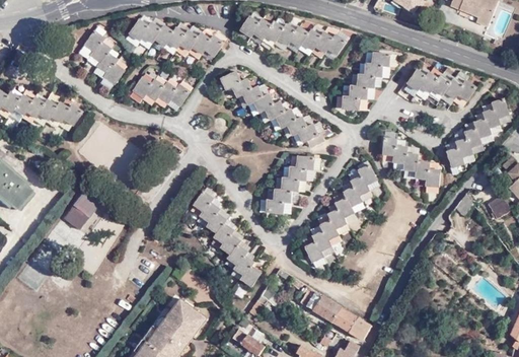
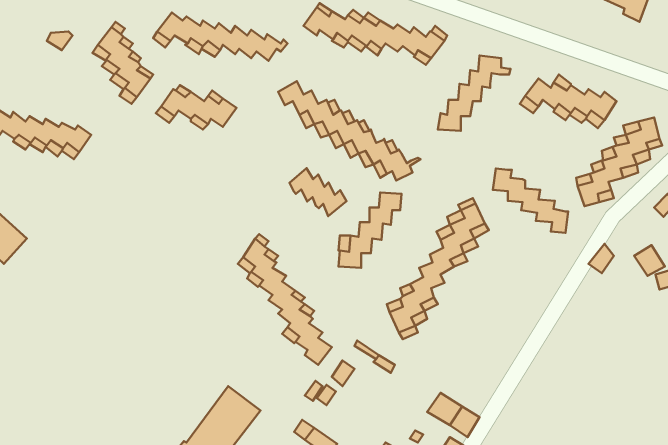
building: none -> [289,168,346,216]
building: [63,191,96,228] -> none
building: [299,286,342,320] -> none

